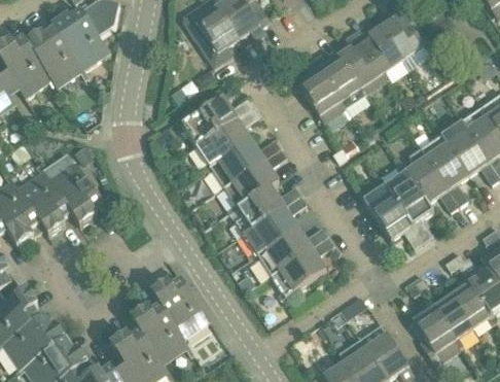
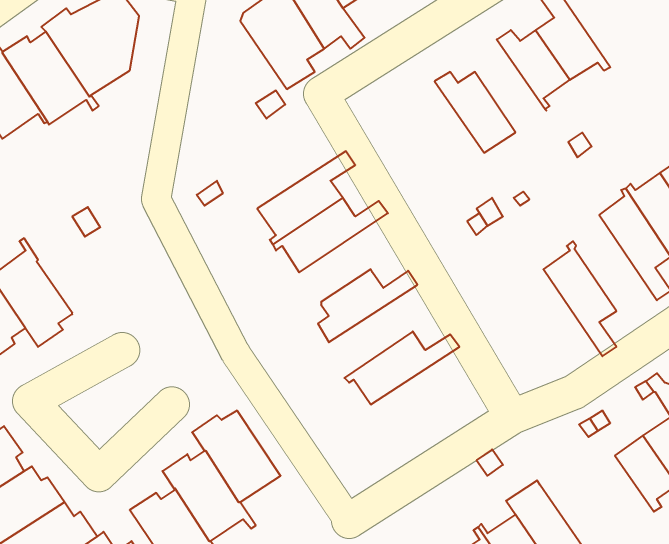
building: [338,31,386,93] -> none
building: [296,59,345,120] -> none
building: [177,95,253,143] -> none
building: [222,146,286,212] -> none
building: [404,147,459,211] -> none
building: [48,160,104,225] -> none
building: [360,183,423,247] -> none
building: [242,194,307,255] -> none
building: [270,235,334,298] -> none
building: [413,307,460,360] -> none

